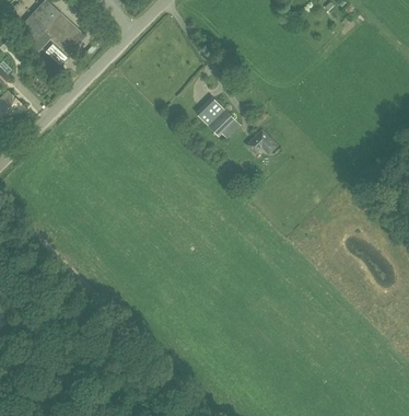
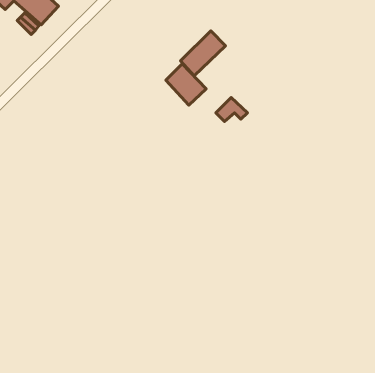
building: none -> [181,31,226,76]

